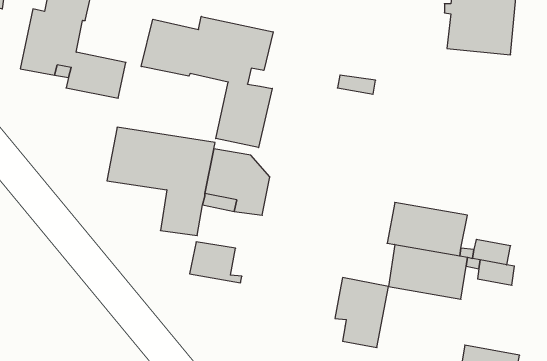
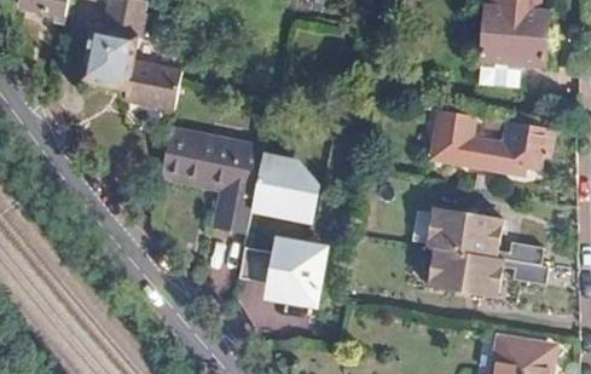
building: [141,16,273,148] -> none
building: none -> [434,109,552,176]
building: [335,278,388,348] -> [277,237,328,304]

